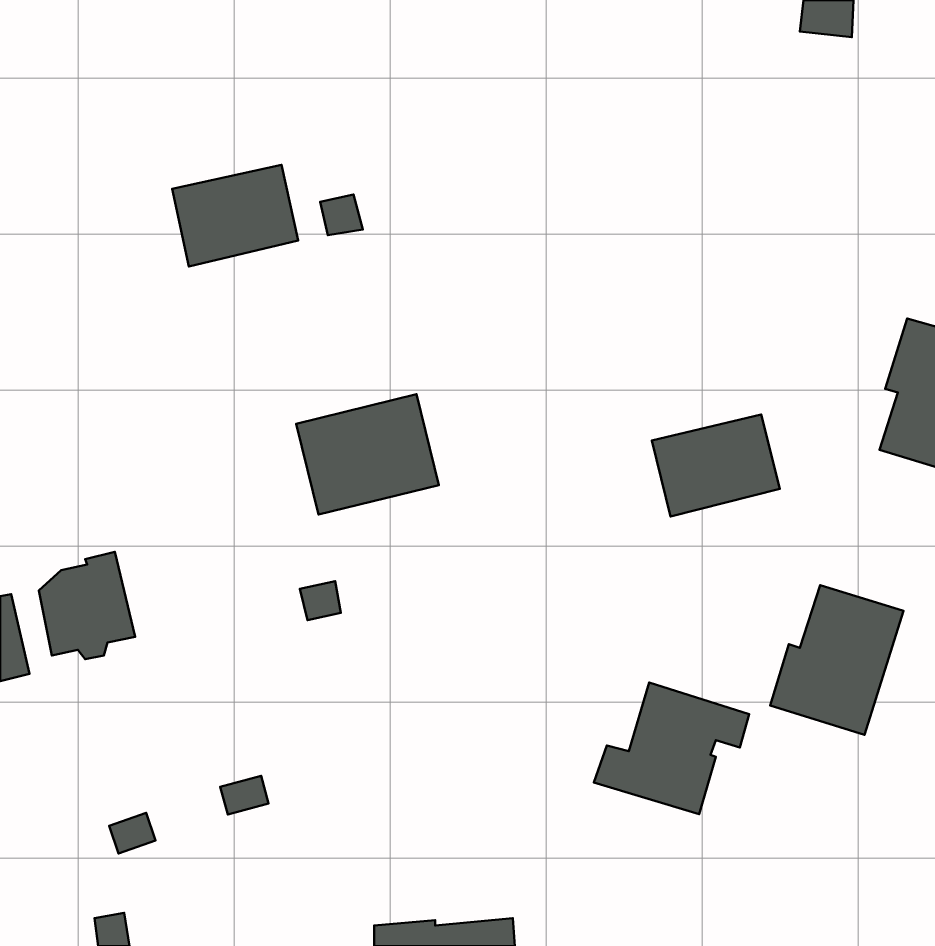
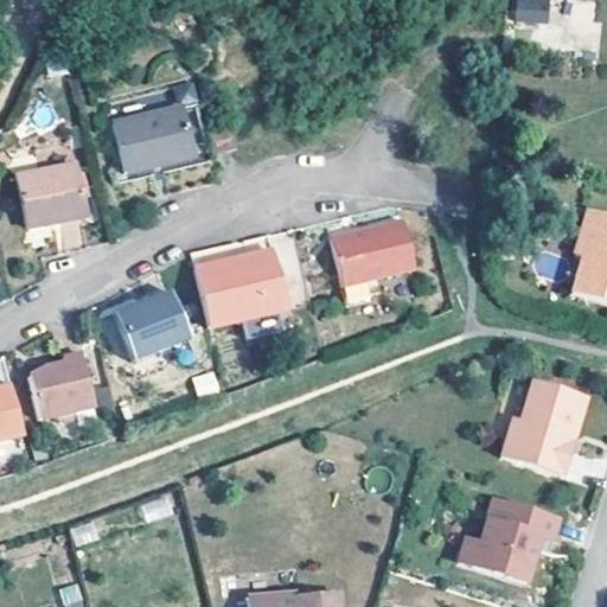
building: none -> [18,164,87,228]
building: [652,415,780,516] -> [333,222,415,287]
building: none -> [116,295,186,360]
building: [594,683,749,814] -> [458,494,557,579]

